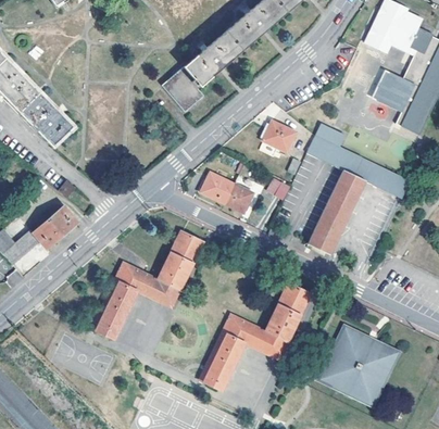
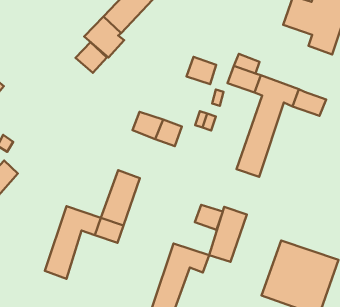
building: none -> [76,42,107,73]
building: [258,330,288,358] -> [195,205,223,230]

